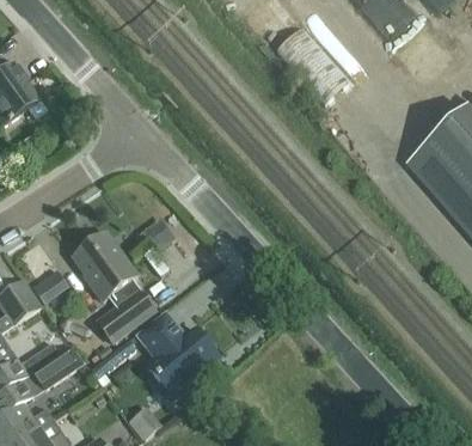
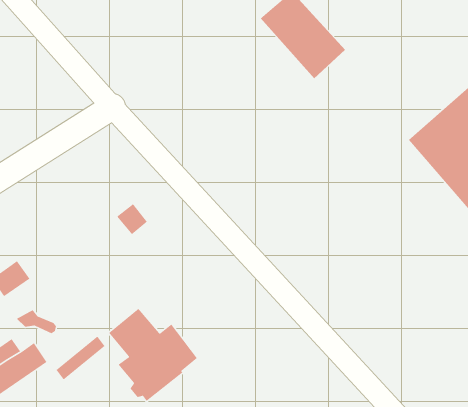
building: [72,231,157,340] -> none

